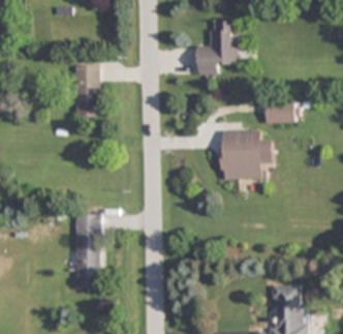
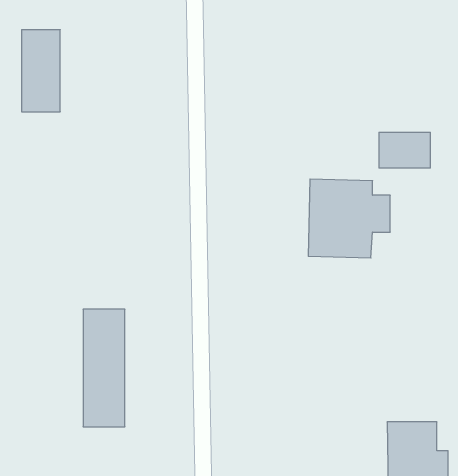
building: [196,20,239,74] -> none
building: [74,64,99,117] -> [22,30,60,112]

